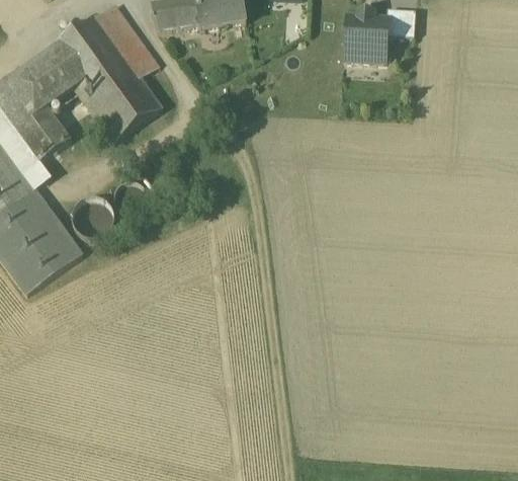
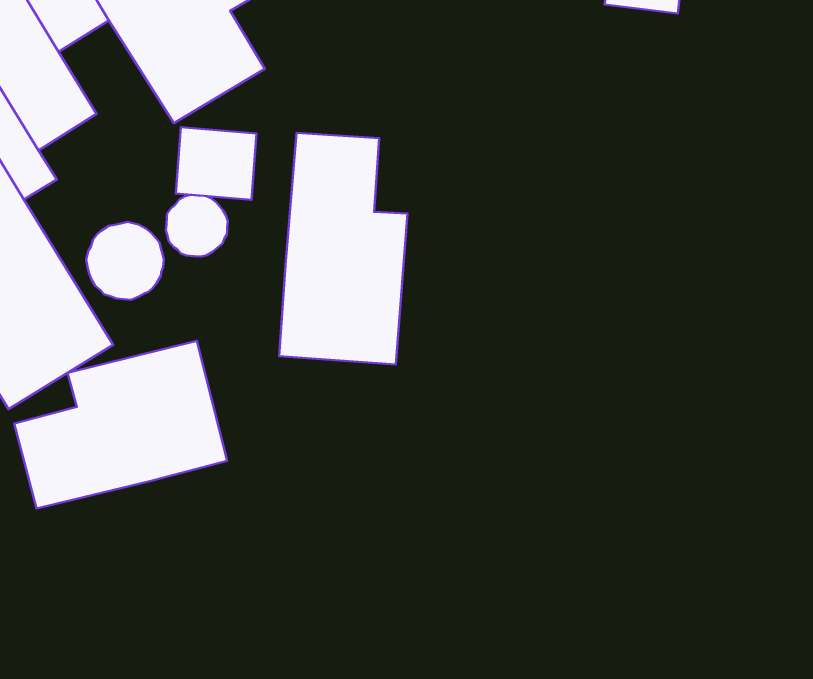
building: none -> [279,133,407,365]
building: none -> [176,127,256,200]
building: none -> [14,341,227,508]

